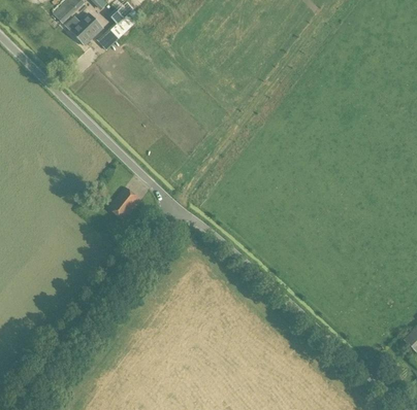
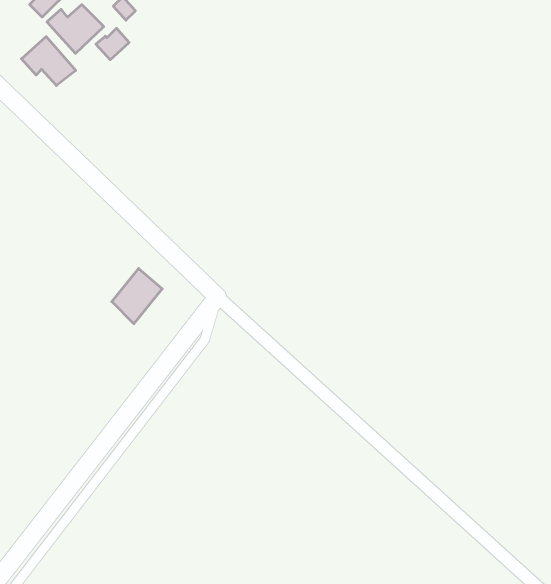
building: none -> [21,37,76,86]

